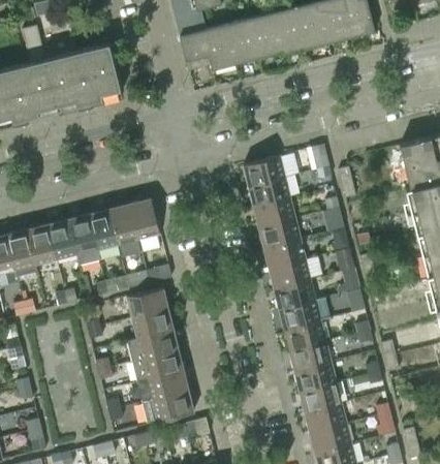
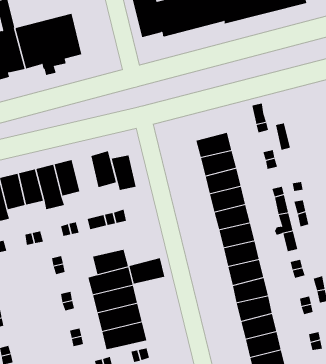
building: [244,156,285,187] -> none
building: [109,205,138,245] -> [111,155,136,191]
building: [127,288,168,318] -> [129,258,165,284]

